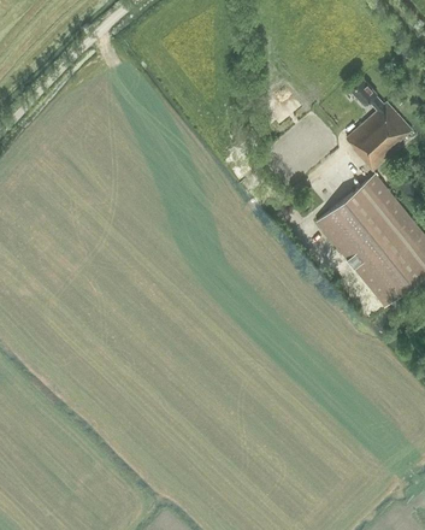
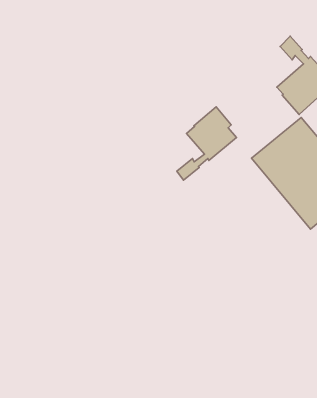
building: none -> [177,107,236,180]

